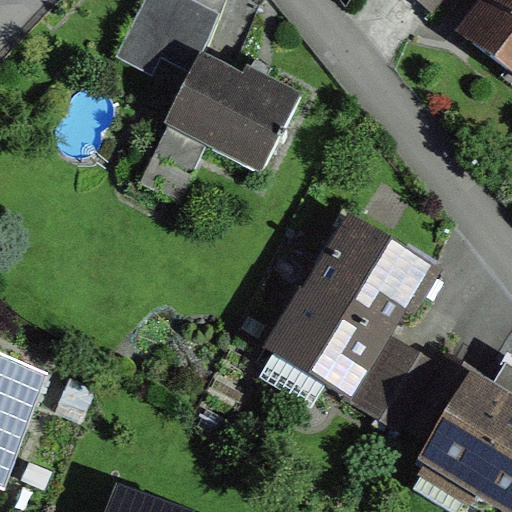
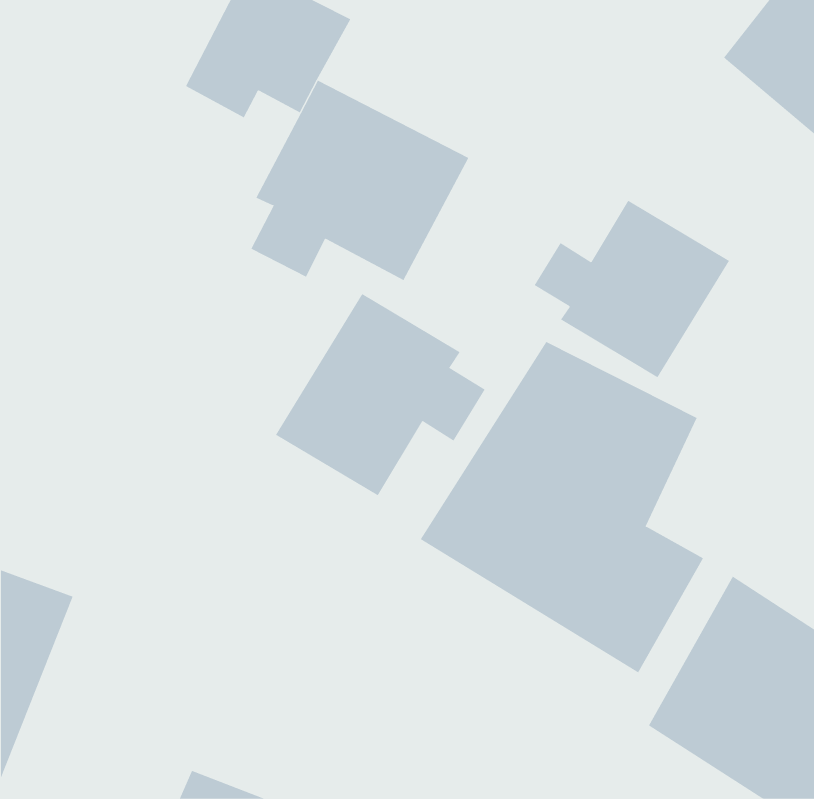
building: none -> [534,200,730,378]
building: none -> [275,293,486,496]

